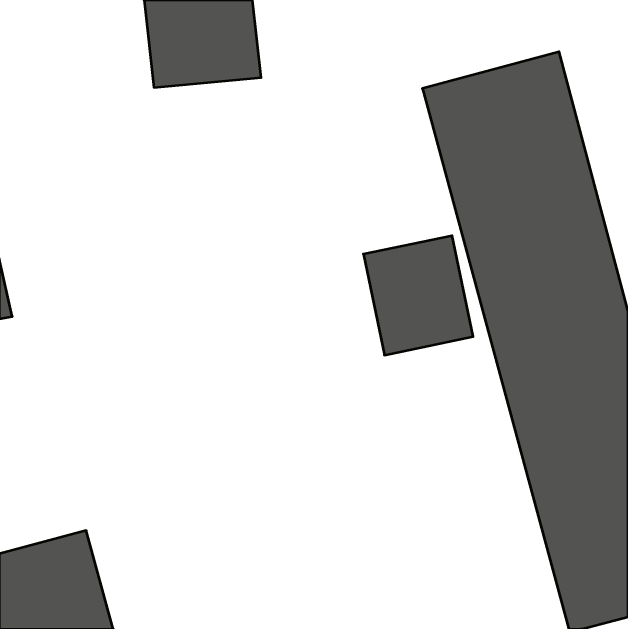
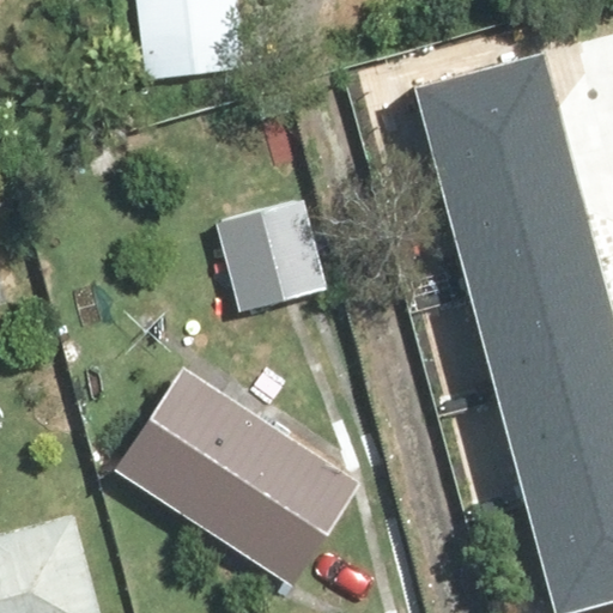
building: [363,236,473,355] -> [227,199,334,315]
building: none -> [129,370,370,588]

